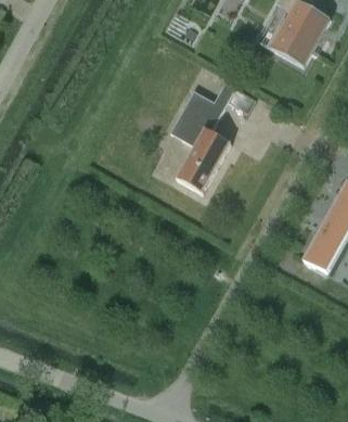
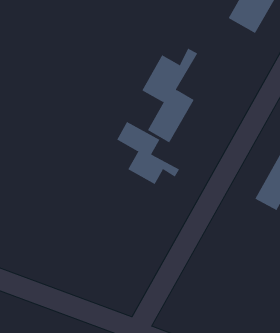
building: none -> [117,121,180,185]

